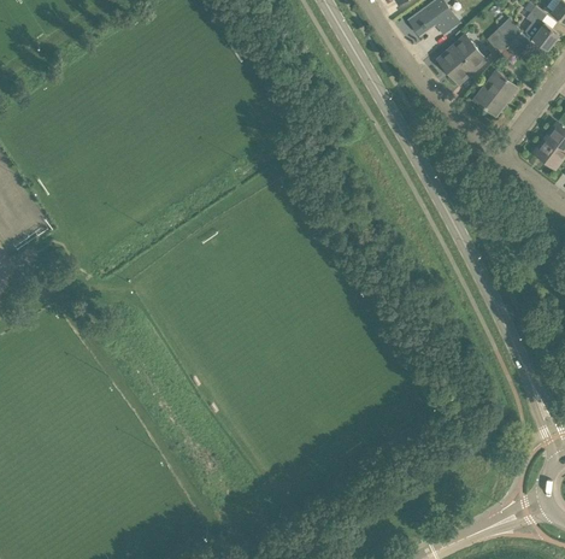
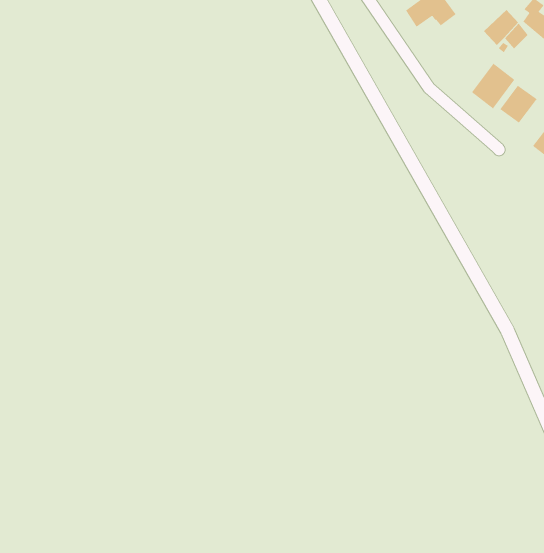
building: [437,34,485,82] -> none
building: none -> [500,85,537,123]

